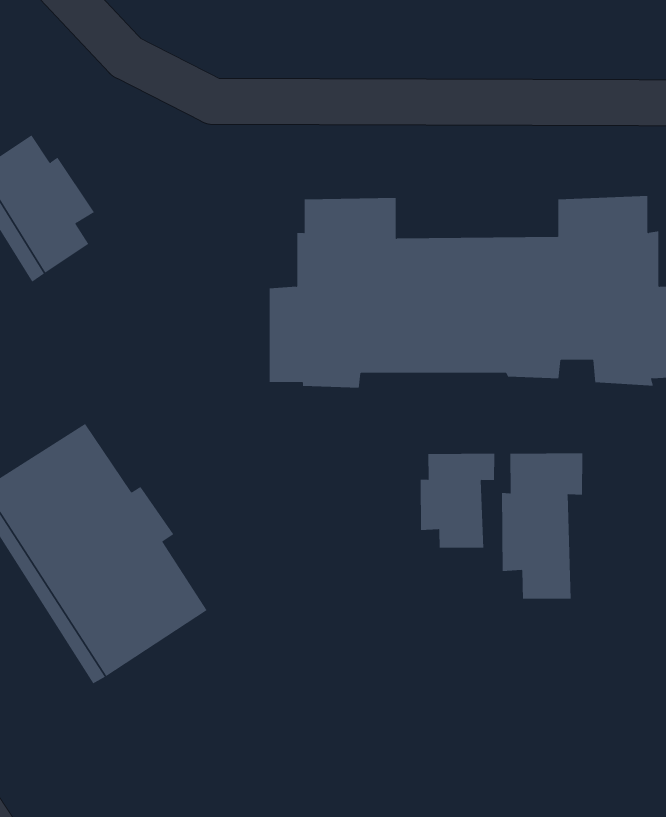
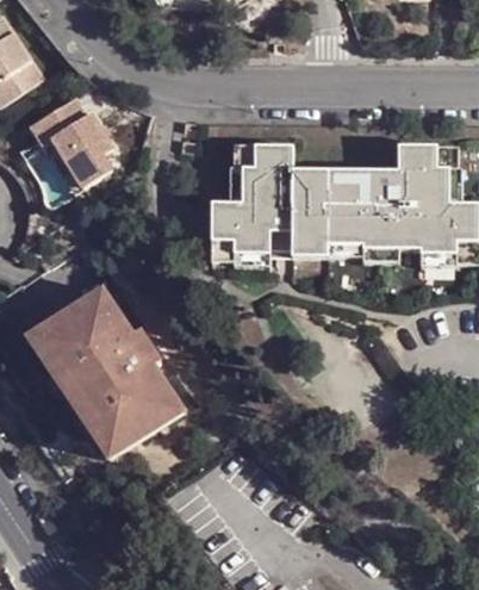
building: [502,453,583,599] -> none
building: [420,453,495,549] -> none

